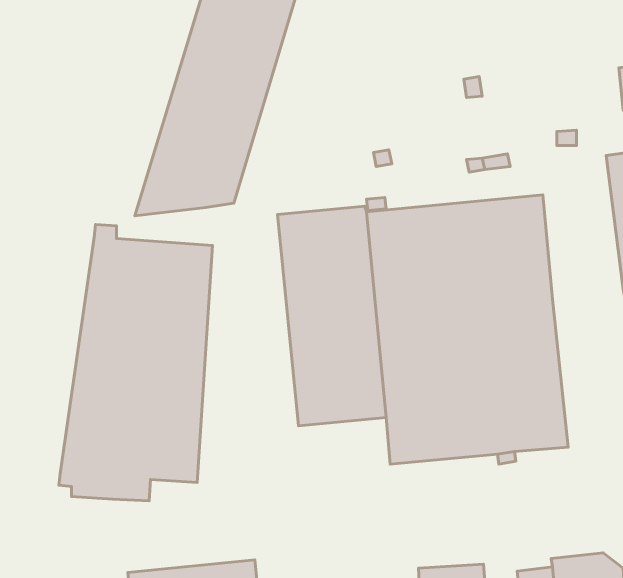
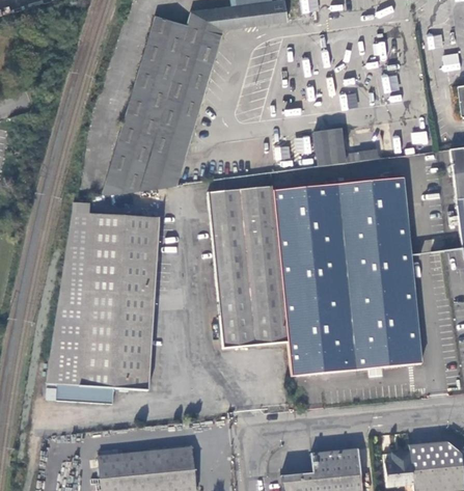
building: none -> [315,129,346,165]

